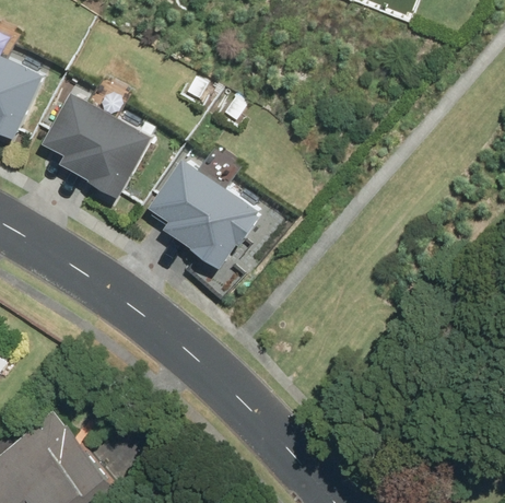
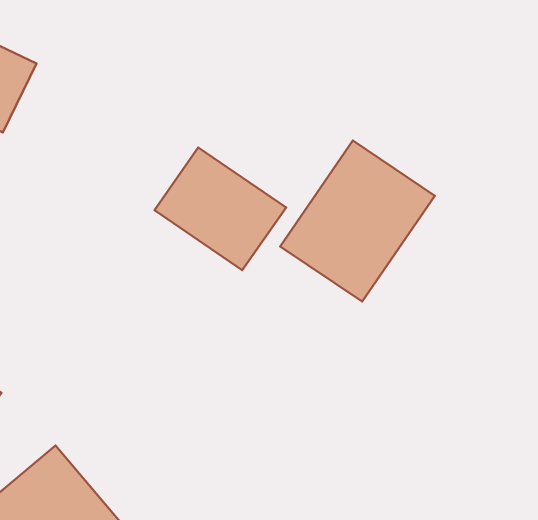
building: [42,95,148,189] -> none
building: none -> [280,141,435,302]

